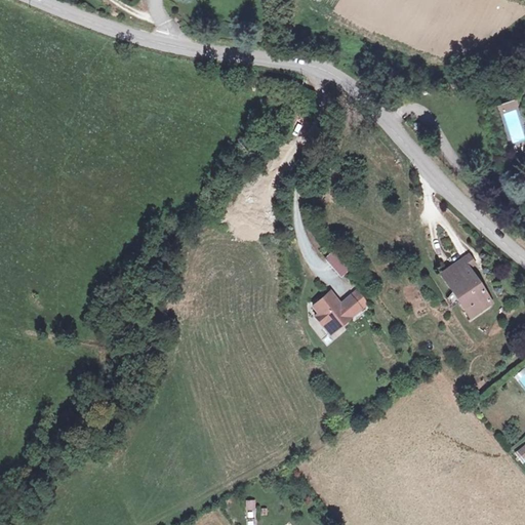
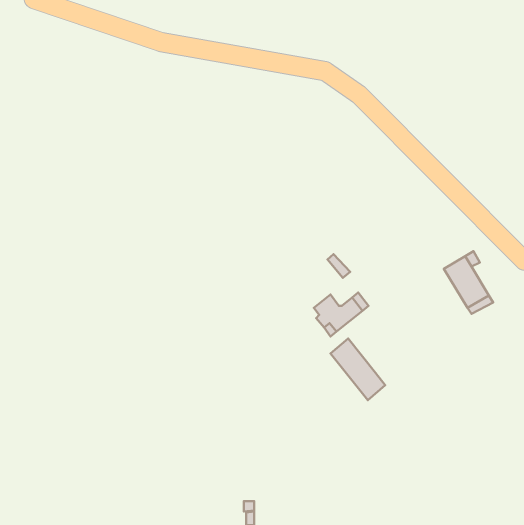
building: none -> [331,339,385,400]

